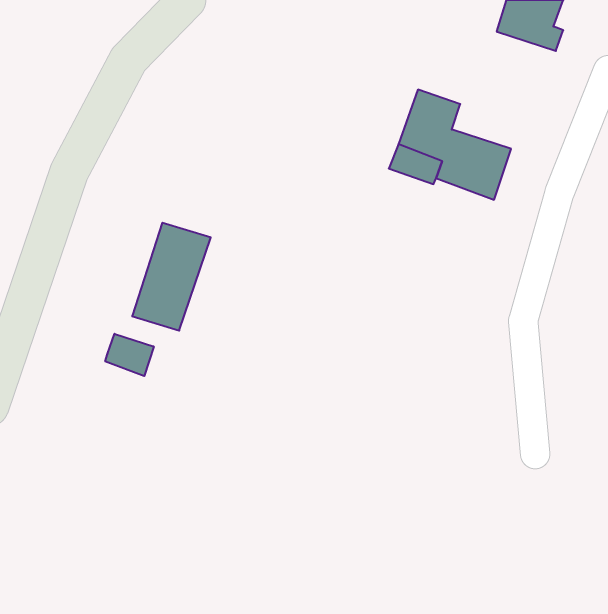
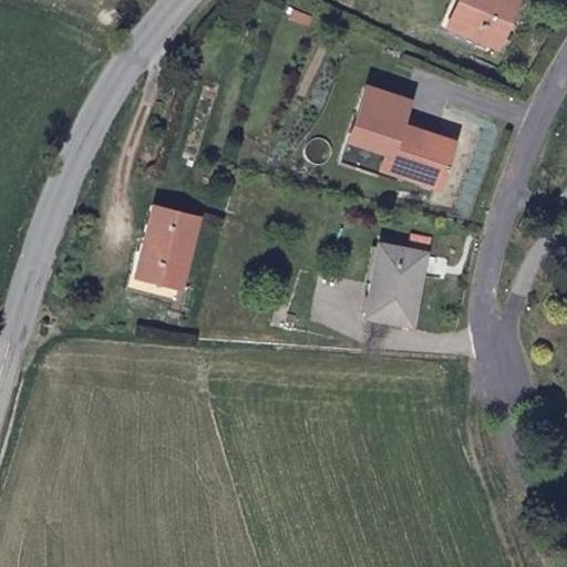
building: none -> [363,241,429,320]
building: [105,334,154,376] -> none

